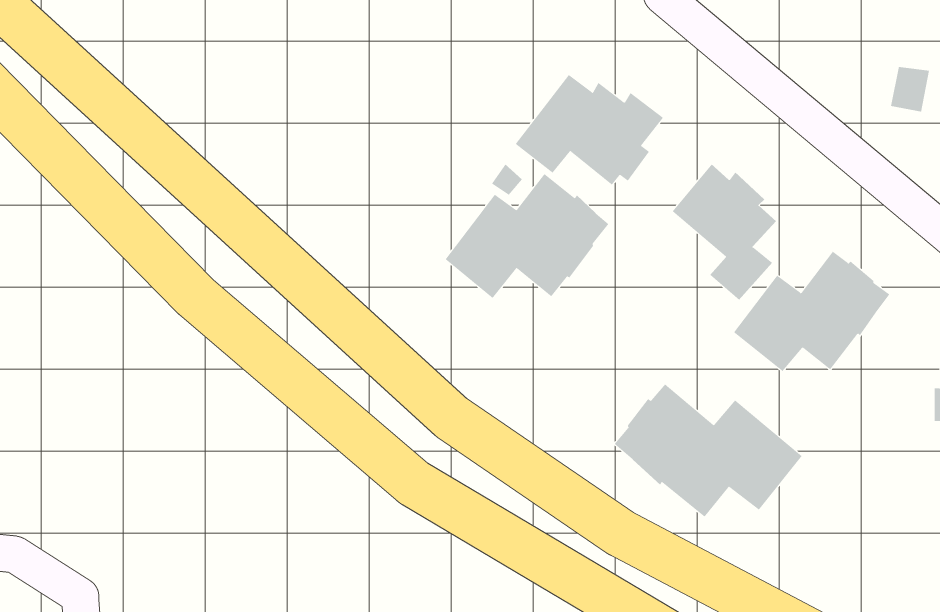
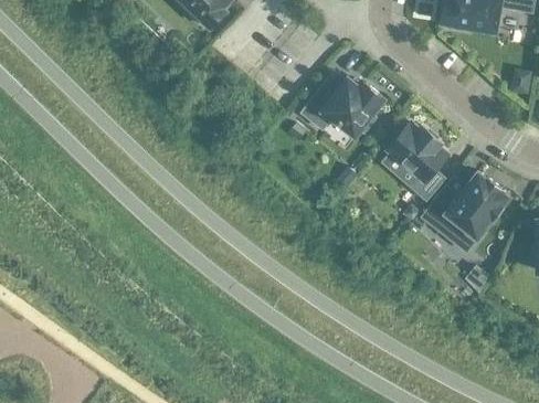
building: [445,173,609,299] -> none
building: [614,384,802,518] -> none

